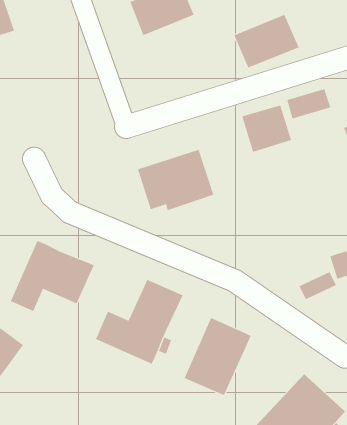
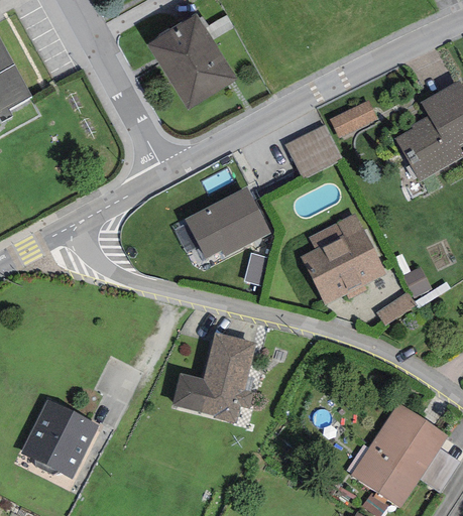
building: [233,14,299,68] -> [166,46,238,110]
building: none -> [300,213,386,305]
building: [10,240,94,312] -> none
building: [184,317,252,396] -> none

